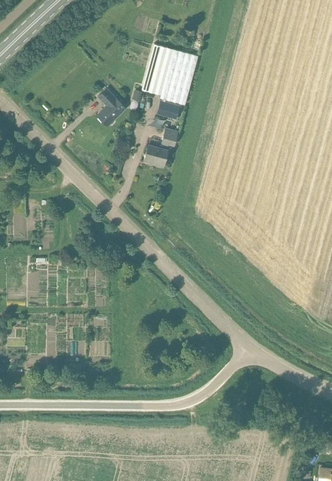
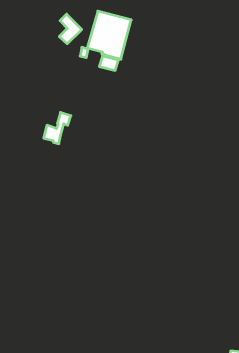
building: [98,88,126,125] -> [59,14,82,44]
building: [145,128,179,167] -> [44,112,71,144]

